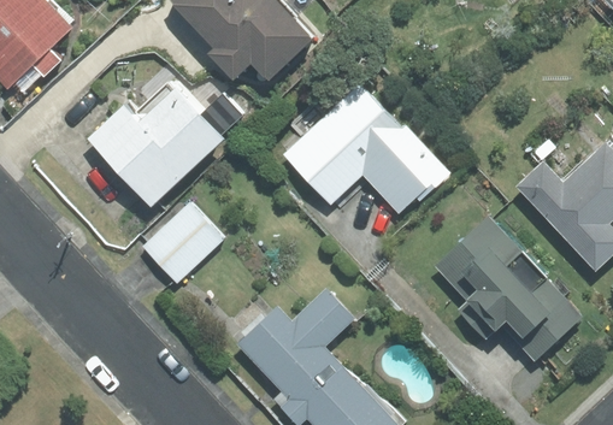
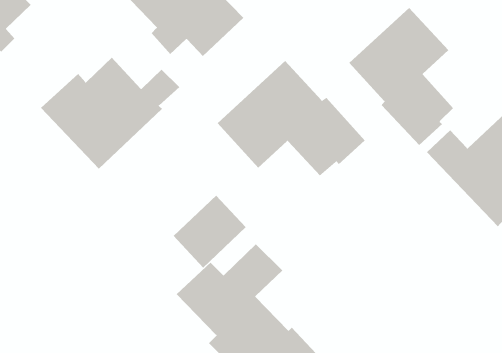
building: none -> [348,7,454,146]
building: [142,201,224,283] -> [173,195,247,268]
building: [435,217,583,362] -> none

